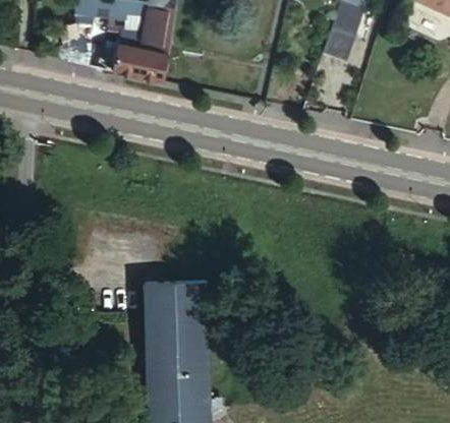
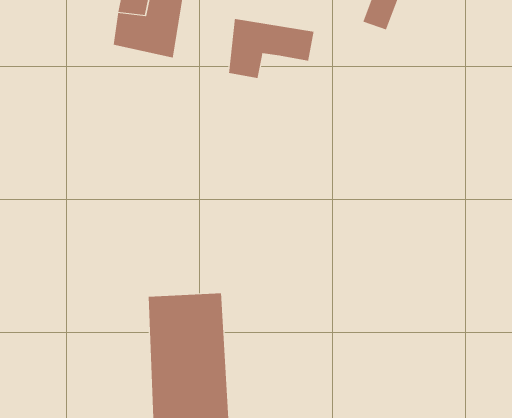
building: none -> [229,18,314,79]

